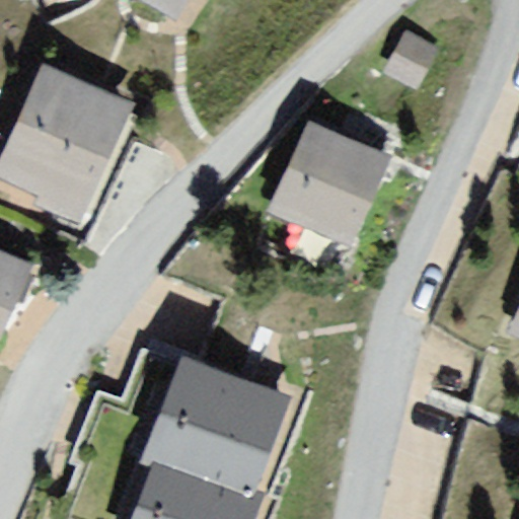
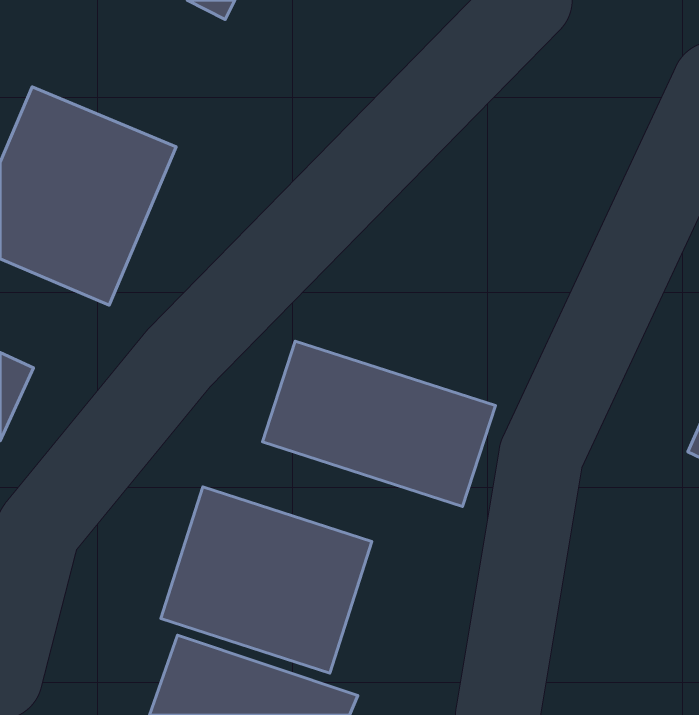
building: [272,128,394,243] -> none
building: none -> [262,341,495,506]

